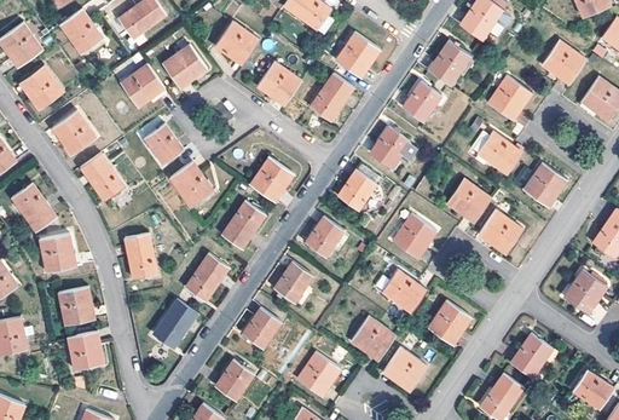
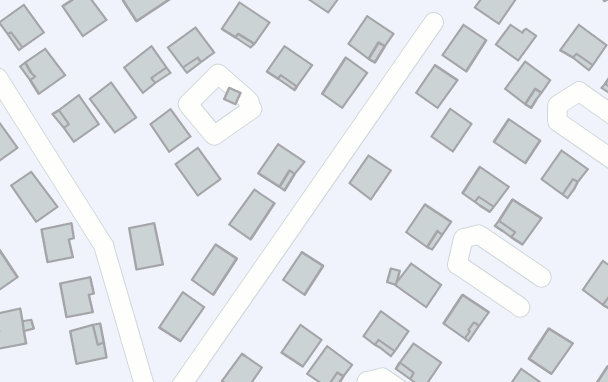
building: none -> [496,25,536,60]
building: [370,126,409,167] -> [432,109,472,151]
building: [80,151,125,200] -> [90,82,136,133]
building: [305,214,343,255] -> none
building: [242,306,280,346] -> [282,325,322,366]

